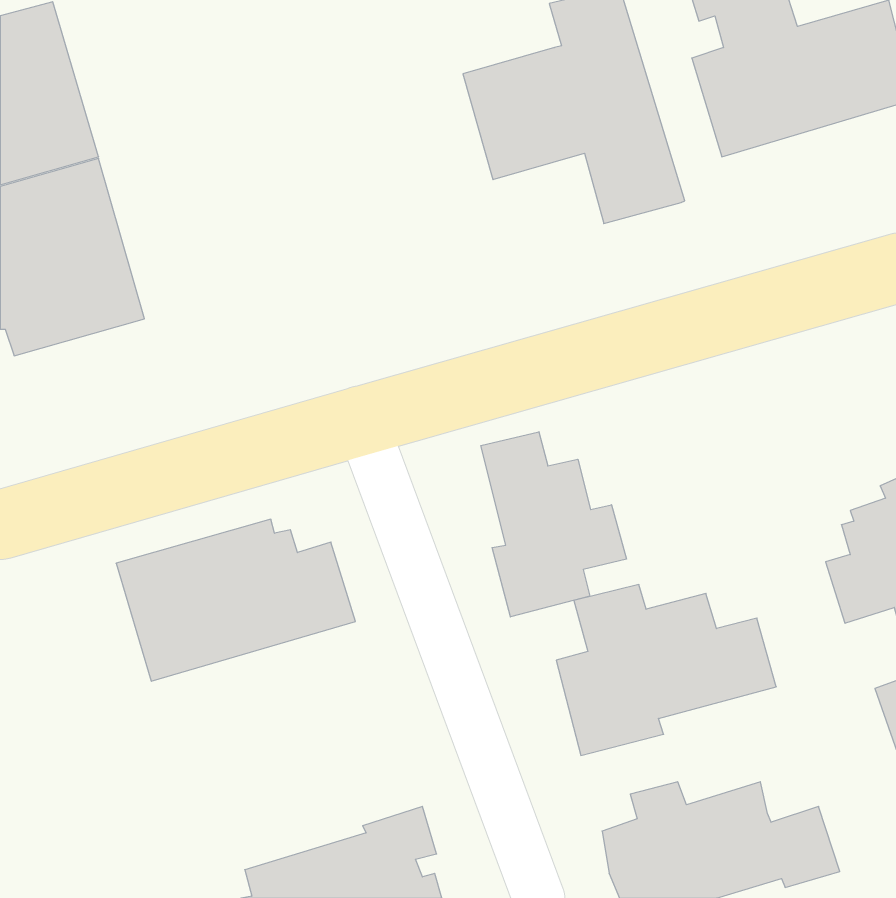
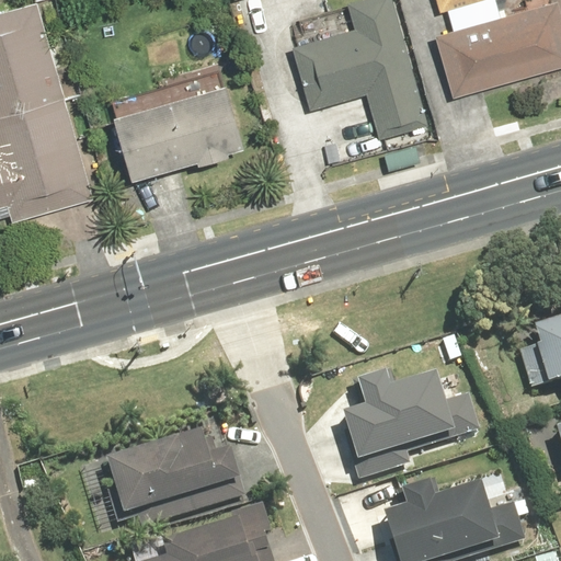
building: none -> [107,84,239,183]
building: [481,432,626,617] -> none
building: [116,519,355,681] -> [99,432,248,533]

